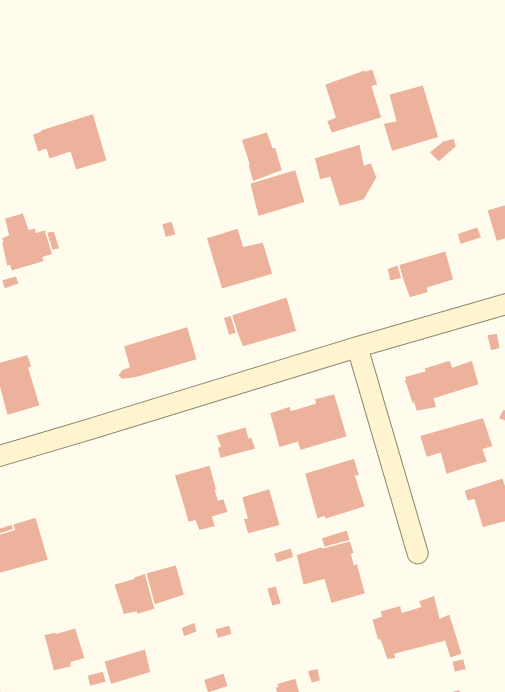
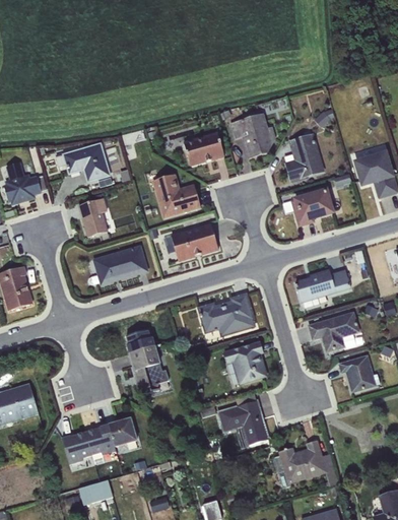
building: [324,68,382,133] -> none
building: [383,84,439,152] -> [284,133,325,182]
building: [32,113,108,171] -> [56,141,111,183]
building: [241,132,283,182] -> none
building: none -> [78,198,108,237]
building: [215,427,256,459] -> [126,329,155,352]
building: [241,488,281,534] -> none
building: [43,628,86,671] -> [62,432,92,463]

